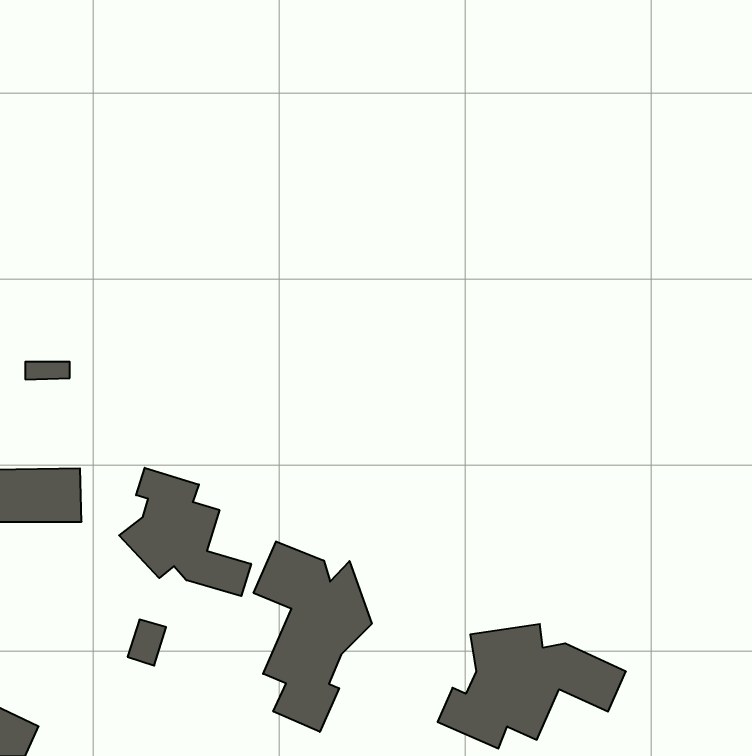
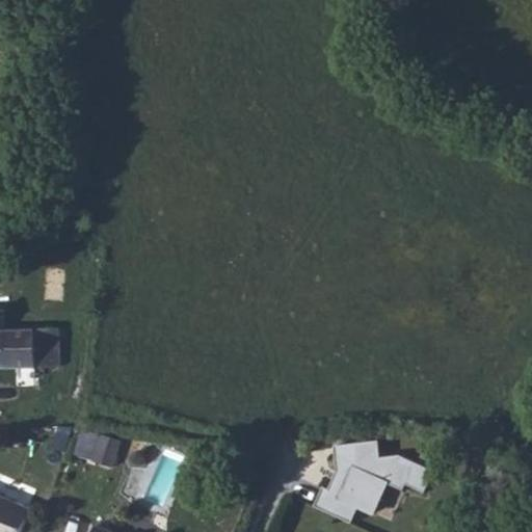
building: [119,468,251,596] -> none
building: [254,541,372,732] -> none

